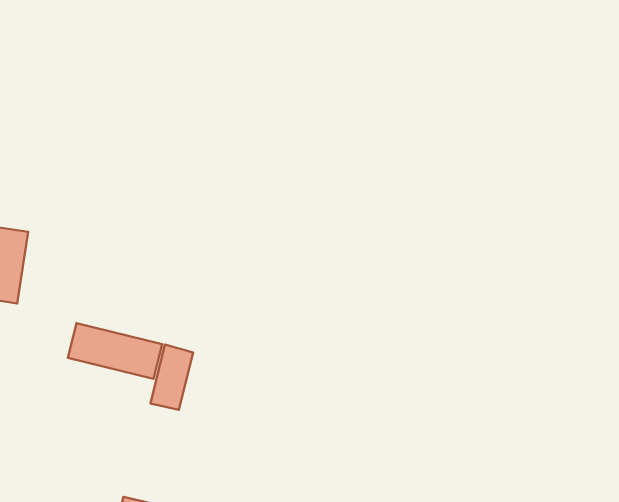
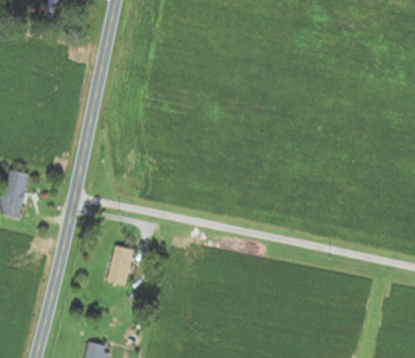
building: [68,323,162,379] -> none

